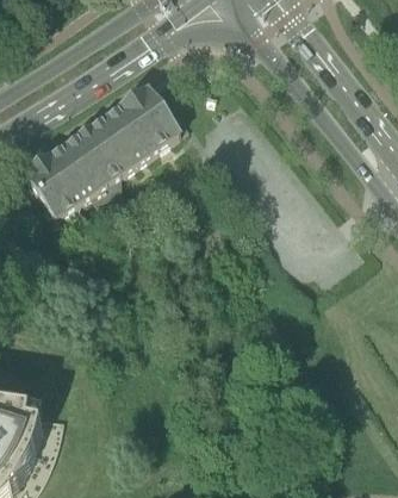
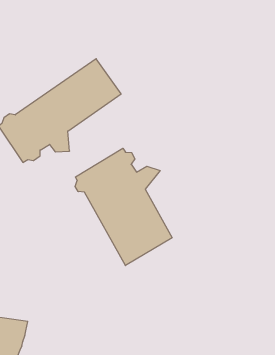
building: none -> [75,148,172,266]

